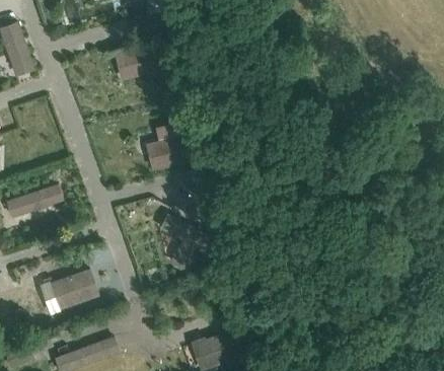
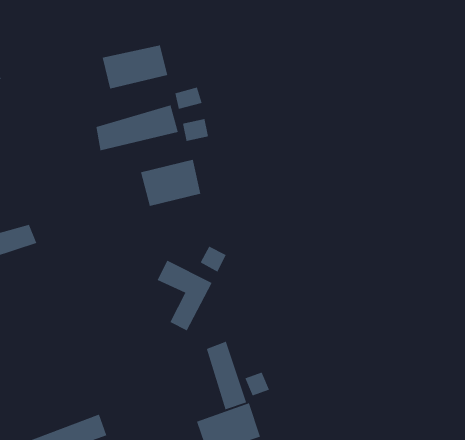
building: none -> [96,104,179,151]
building: [50,269,98,310] -> none
building: none -> [206,341,247,410]

